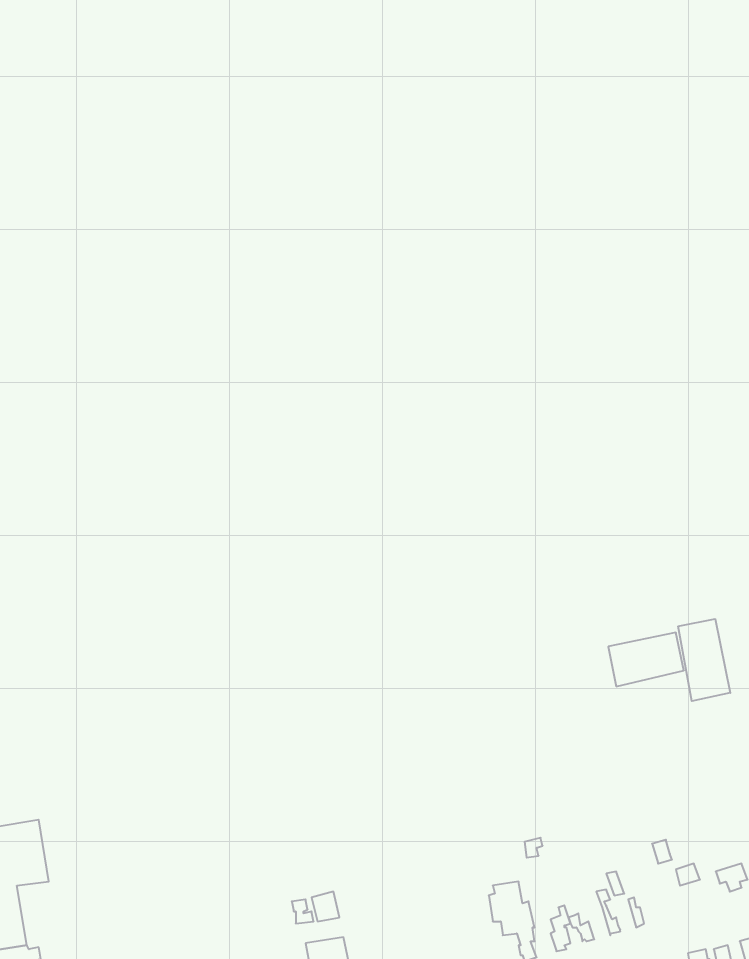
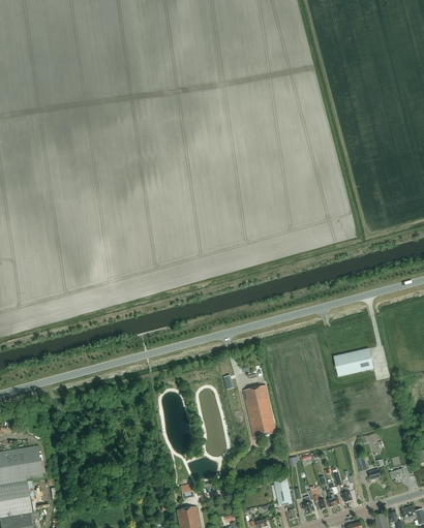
building: [678,619,730,701] -> none
building: none -> [243,384,276,437]

